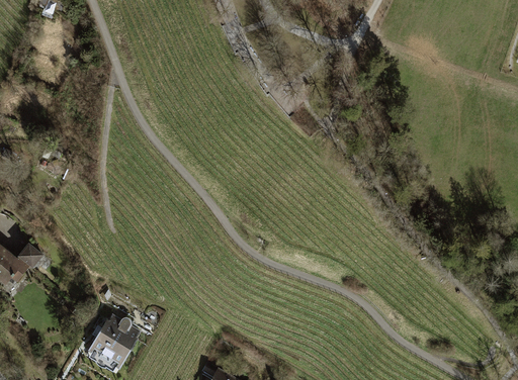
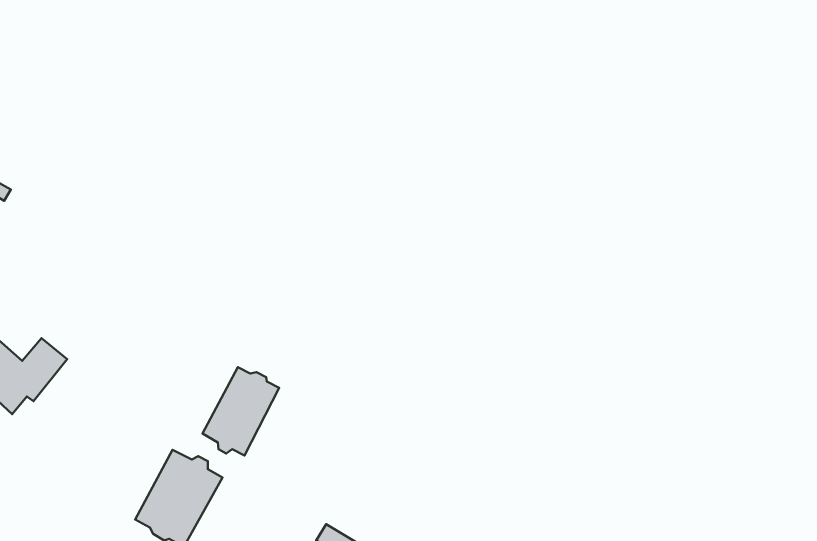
building: none -> [202,367,279,455]

